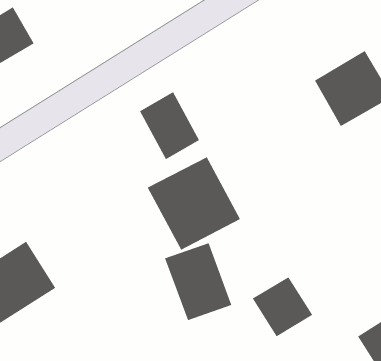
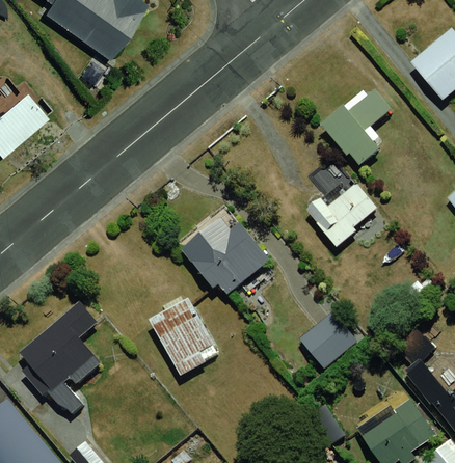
building: [139,91,200,160] -> none
building: none -> [307,174,385,249]
building: [164,243,232,321] -> [149,299,219,376]

